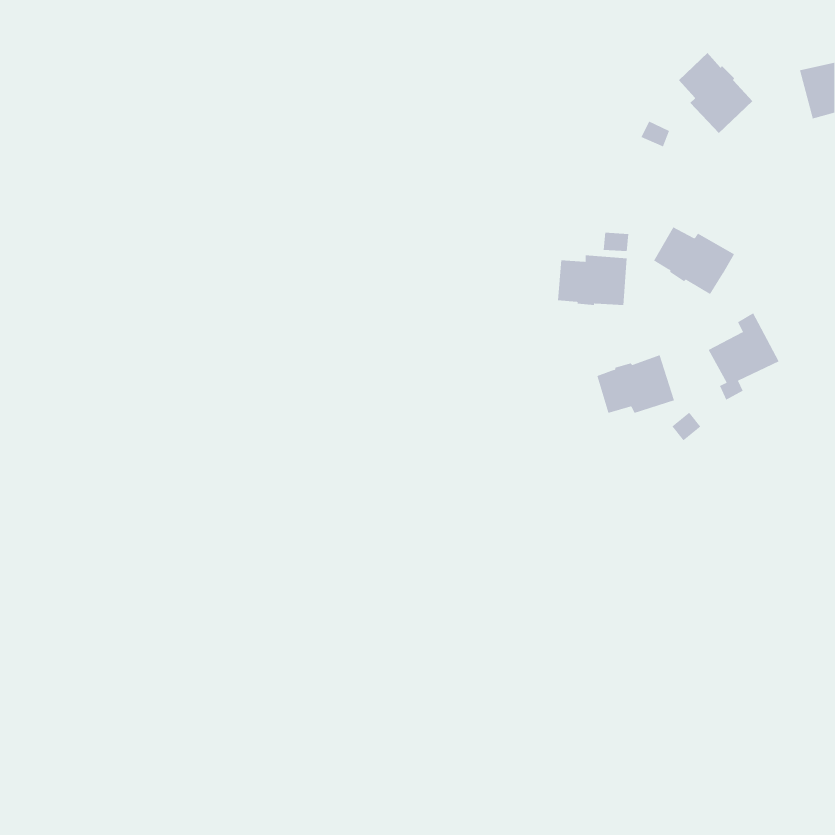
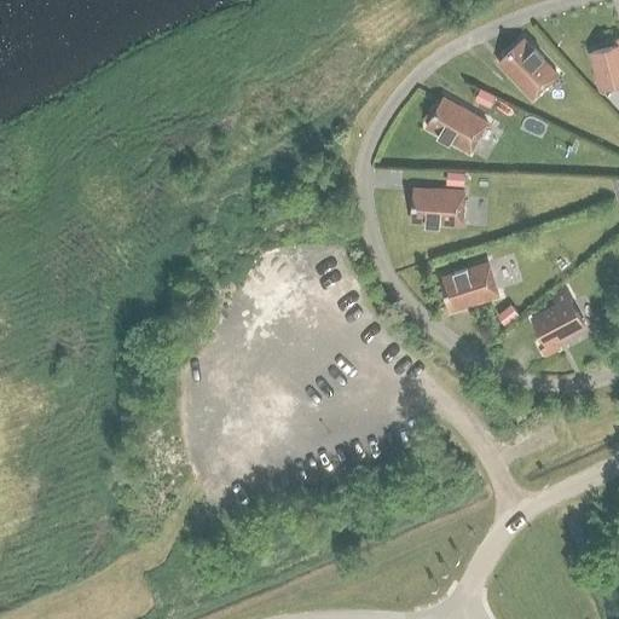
building: [653,226,735,295] -> [427,102,487,152]
building: [708,312,780,401] -> [532,290,585,355]

